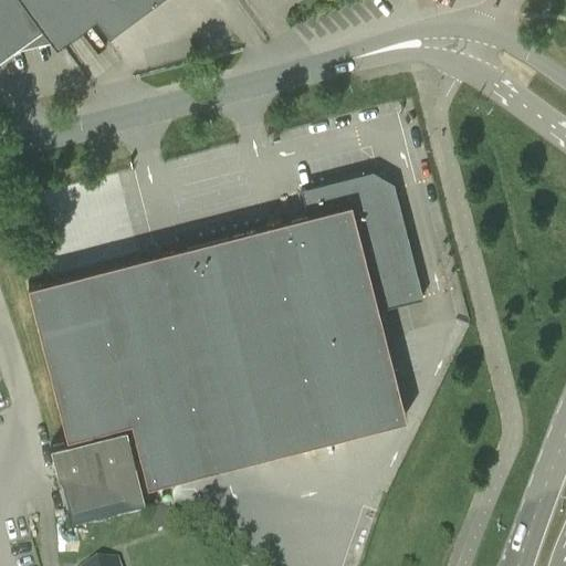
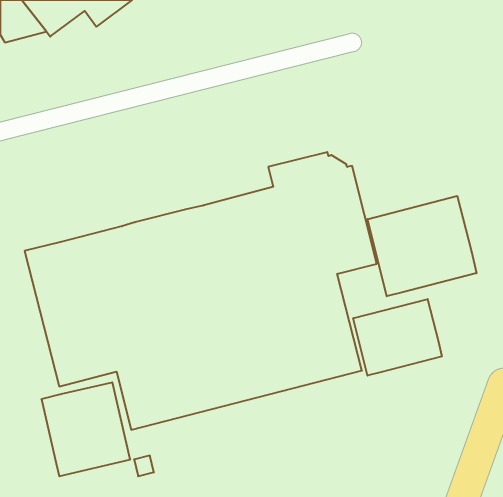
building: none -> [367,196,476,296]
building: none -> [353,299,442,376]

